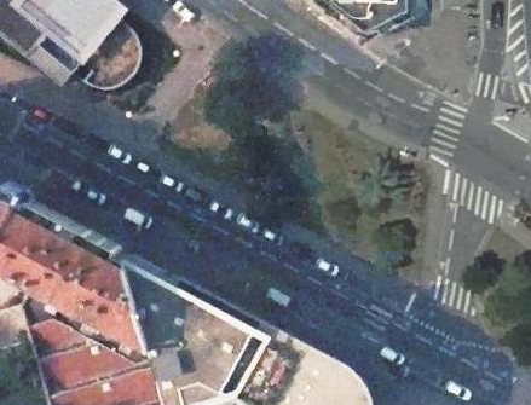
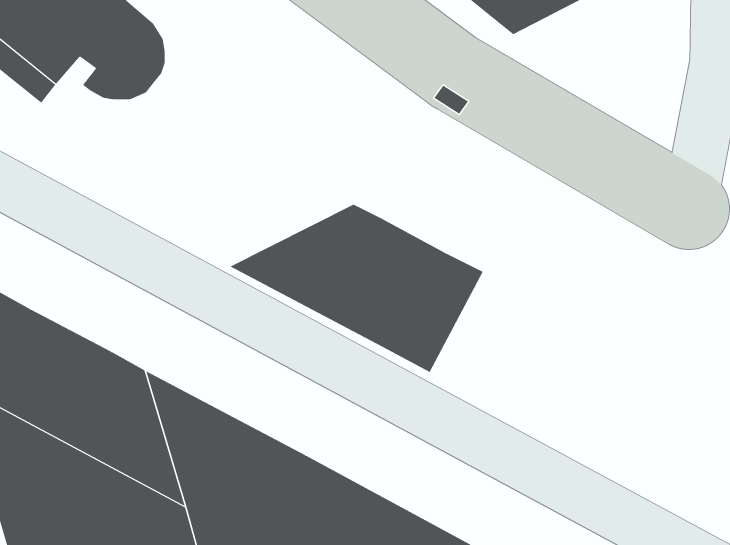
building: none -> [229,204,484,373]

